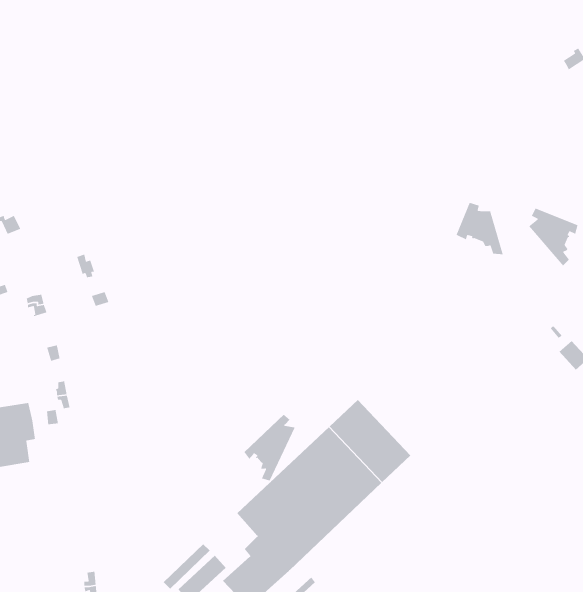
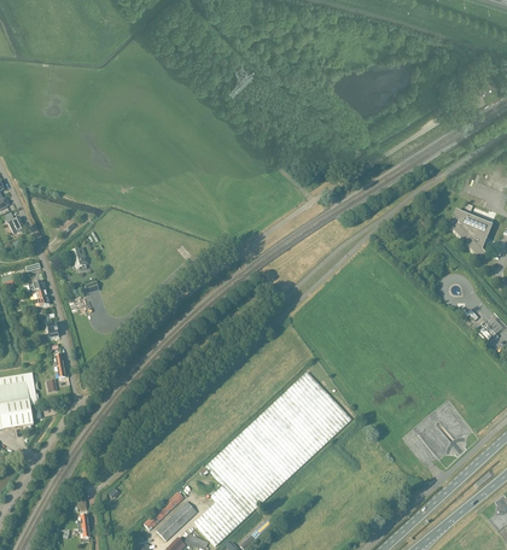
building: [456,202,504,255] -> none
building: [244,414,296,482] -> none

